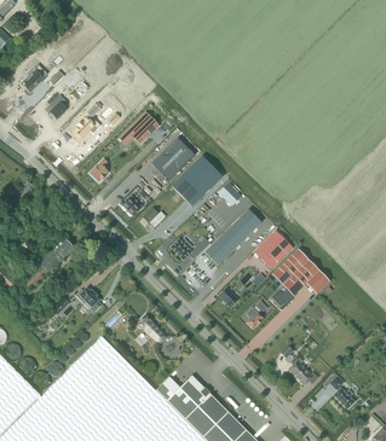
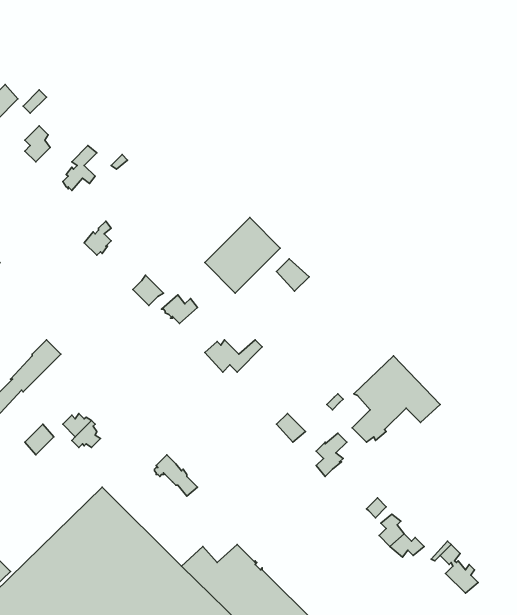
building: [117,114,157,146] -> none
building: [150,139,192,181] -> none
building: [203,210,260,267] -> none
building: [253,231,292,269] -> none

